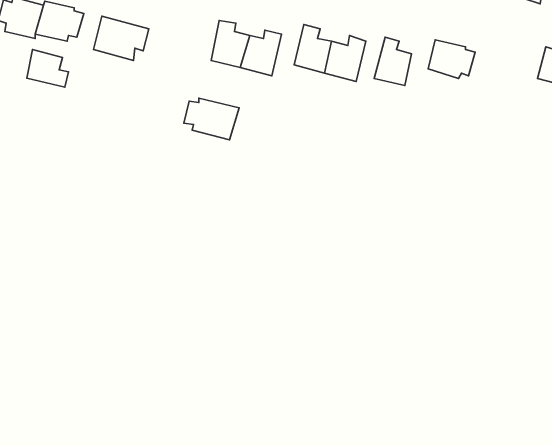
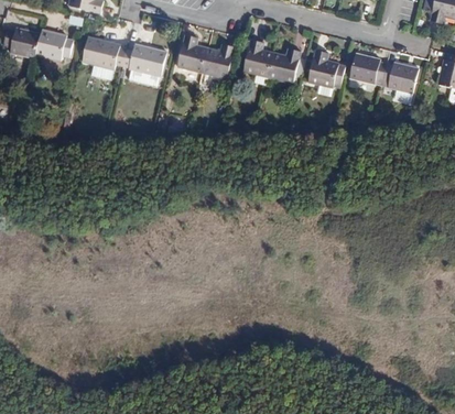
building: [27,50,68,87] -> none
building: none -> [381,63,418,94]
building: [184,98,239,140] -> [122,43,166,76]

